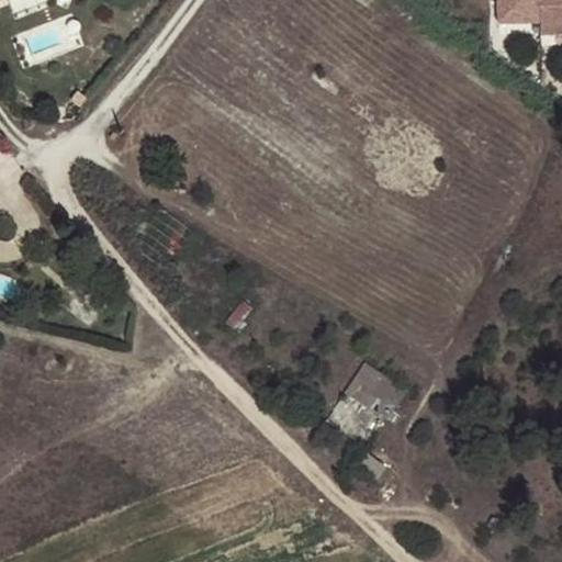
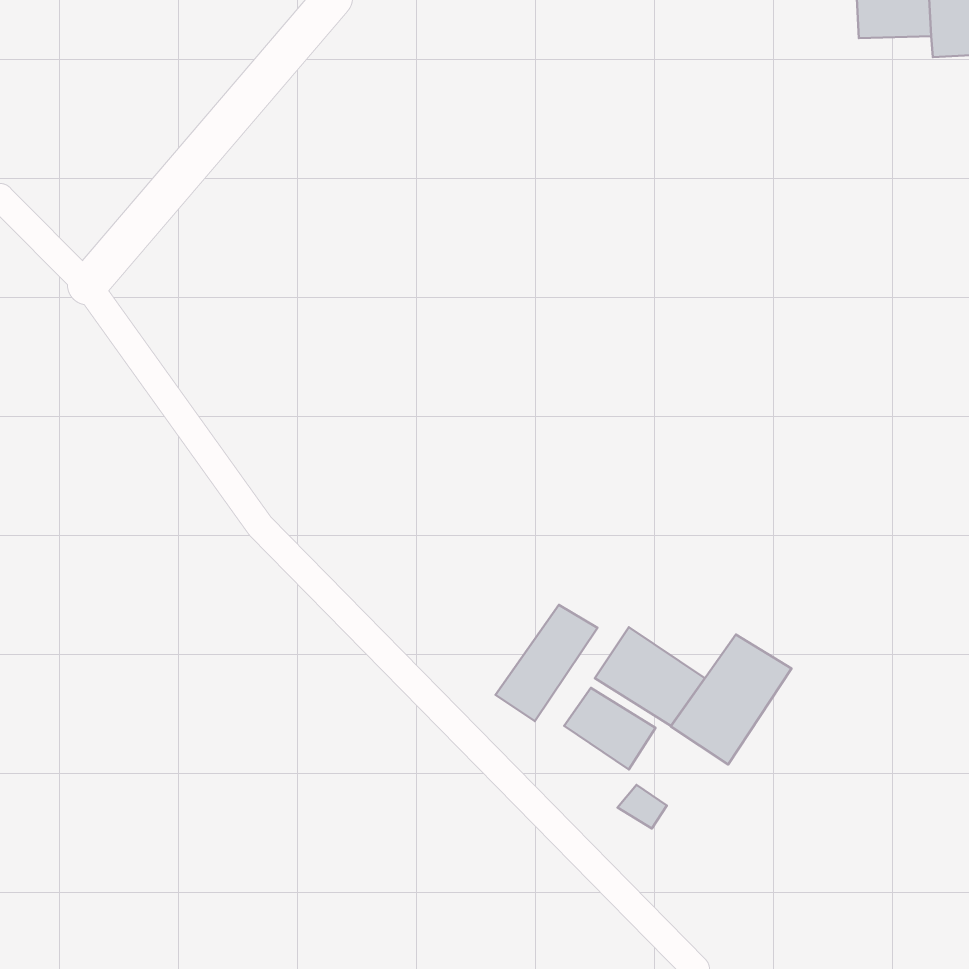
building: none -> [496,605,598,721]
building: none -> [671,634,792,765]

